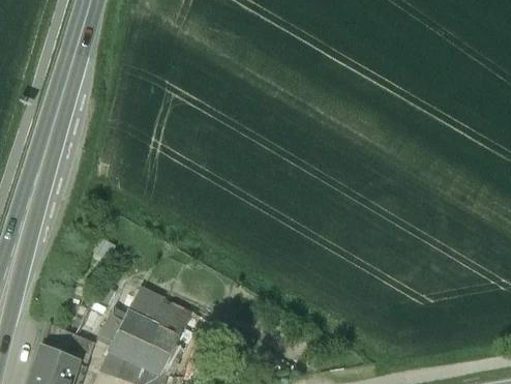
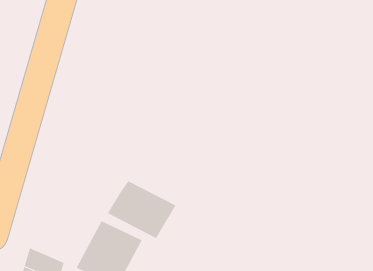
building: none -> [107,180,176,239]

